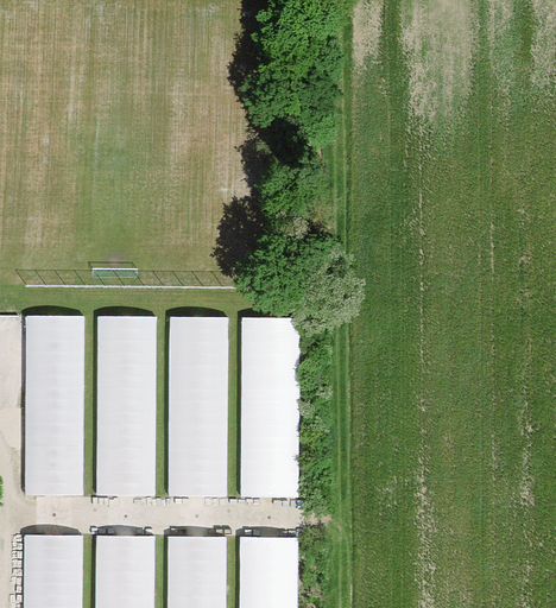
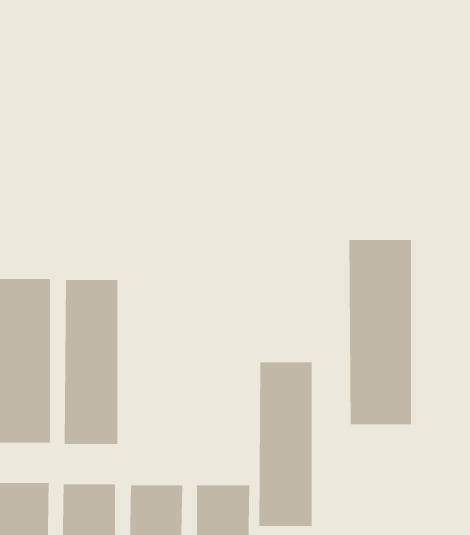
building: none -> [348,239,412,425]
building: [169,317,227,495] -> none
building: [240,318,298,496] -> [259,361,313,527]

